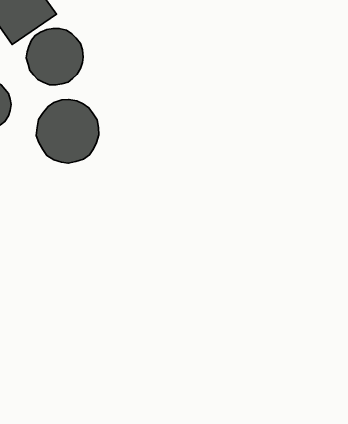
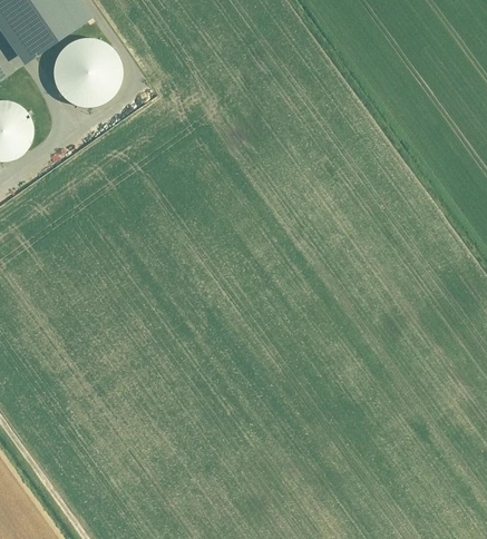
building: [36,100,99,163] -> none

